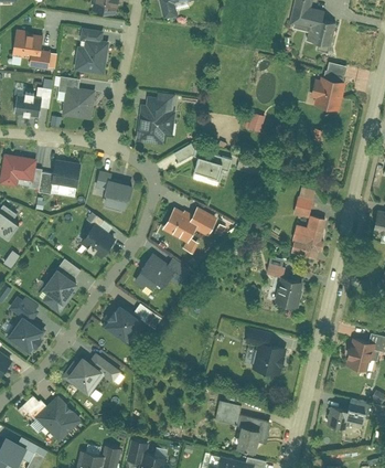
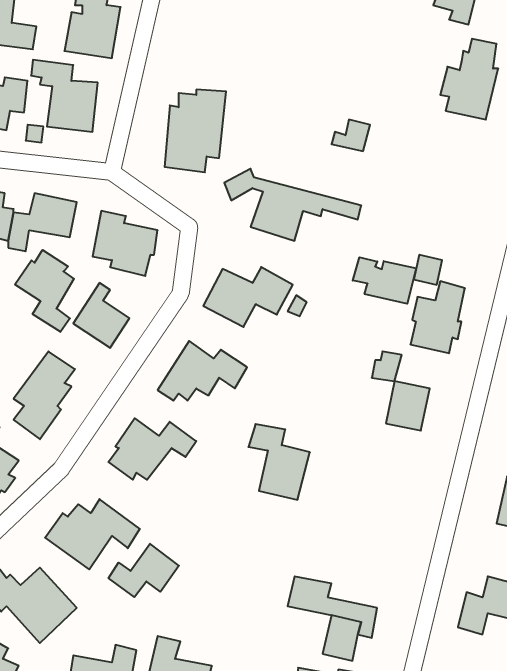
building: none -> [15,250,74,332]
building: none -> [353,257,416,304]
building: [246,330,285,377] -> [248,424,310,500]
building: none -> [109,544,179,597]

